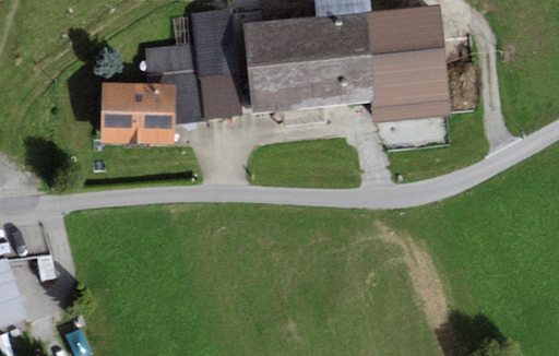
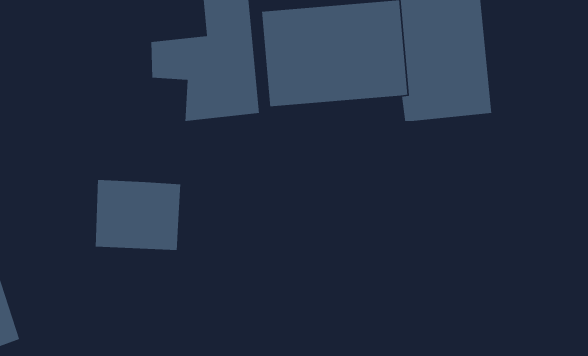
building: [98,81,176,145] -> [95,179,181,251]

